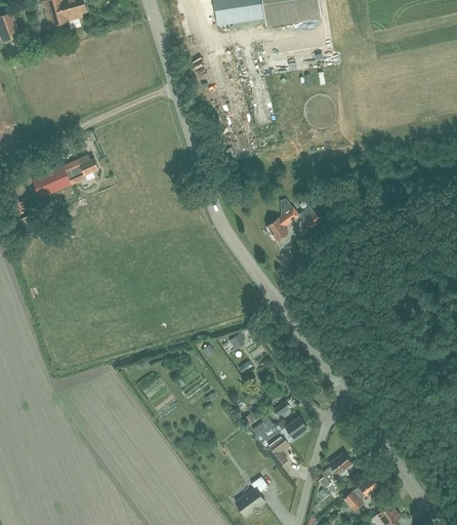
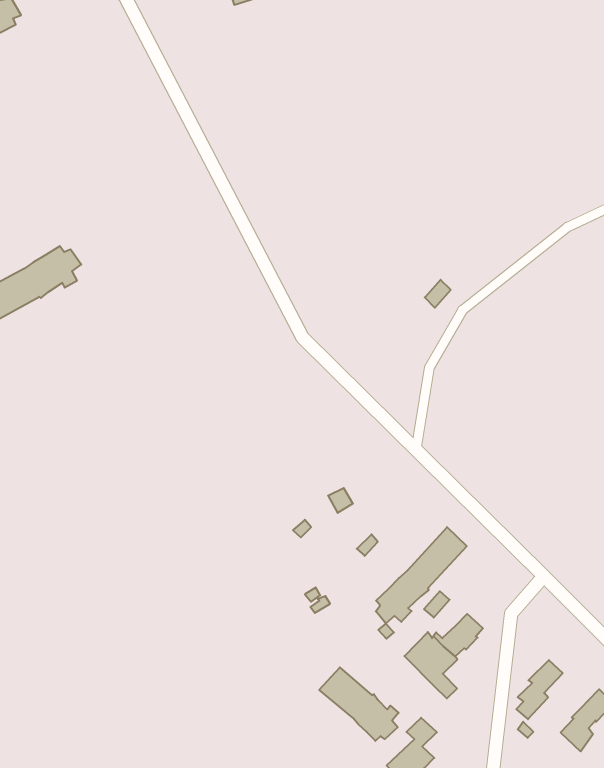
building: [267,199,299,240] -> none
building: none -> [376,527,467,624]
building: none -> [319,667,399,741]

